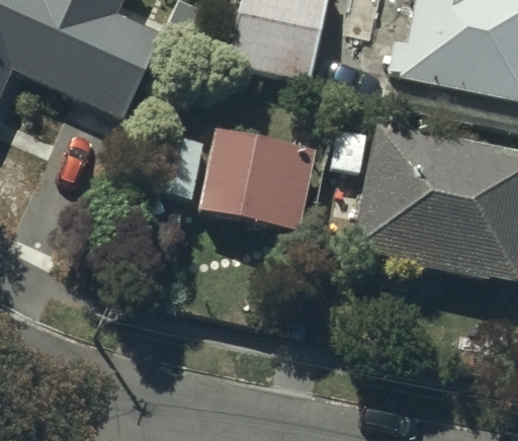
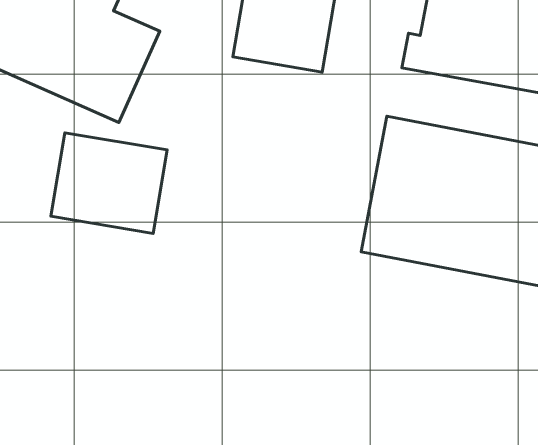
building: [199,125,316,227] -> none
building: none -> [51,133,167,233]

